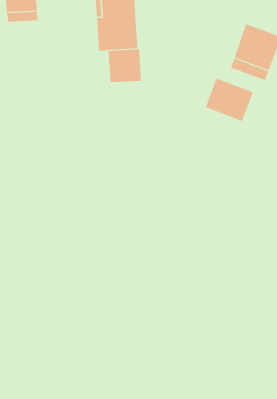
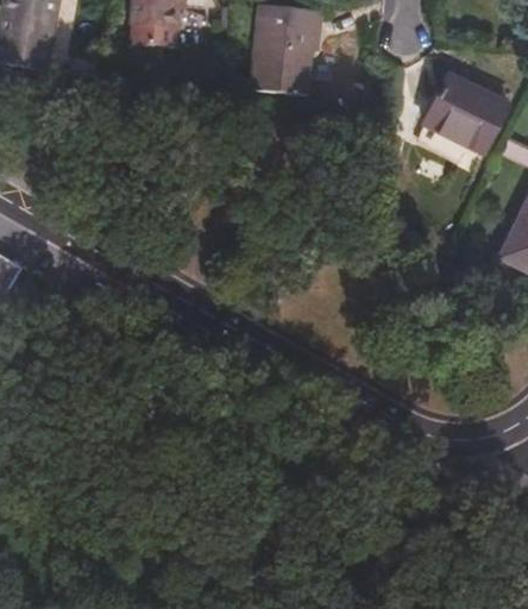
building: [108,49,142,83] -> none
building: [205,78,253,122] -> none

